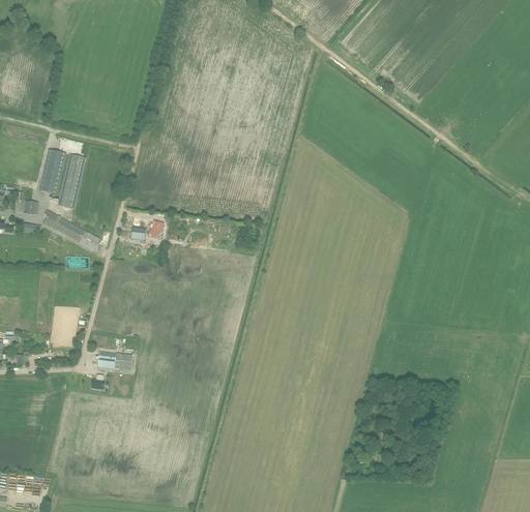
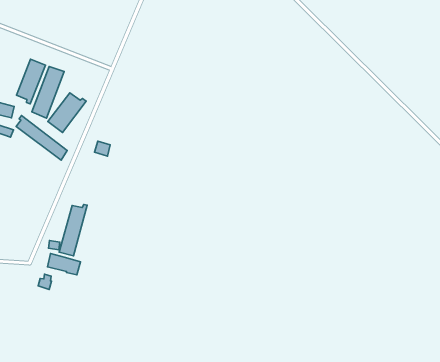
building: none -> [48,93,86,133]
building: none -> [59,204,87,256]

